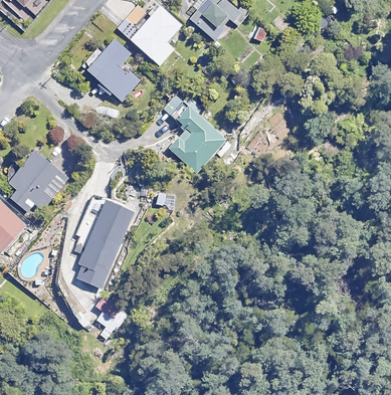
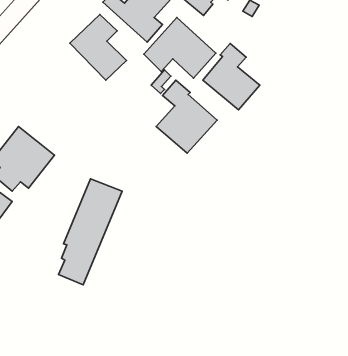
building: none -> [144,18,216,78]
building: none -> [203,43,260,110]

